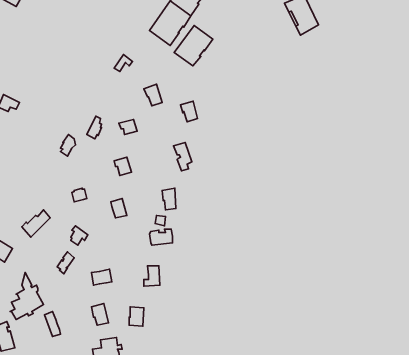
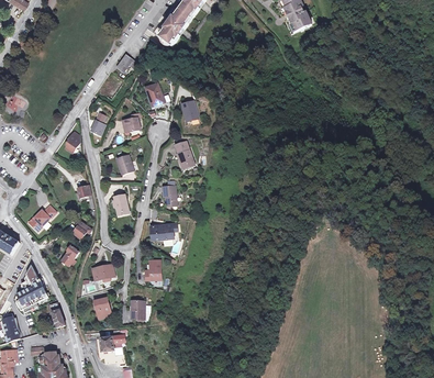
building: [174,26,213,66] -> none

